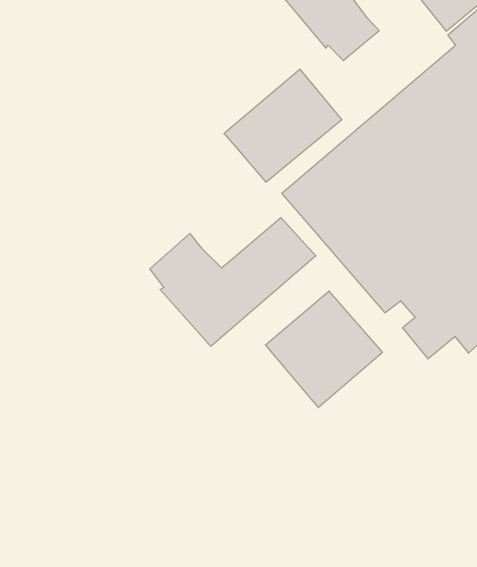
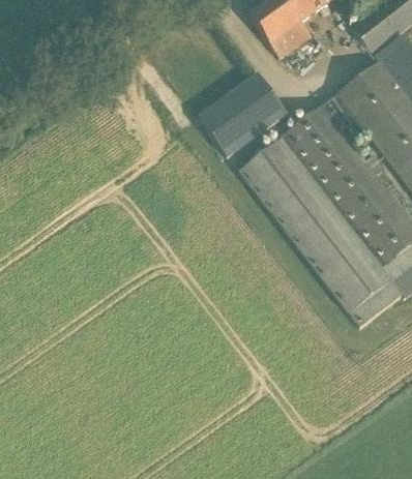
building: [150,218,316,346] -> none
building: [265,291,382,408] -> none

